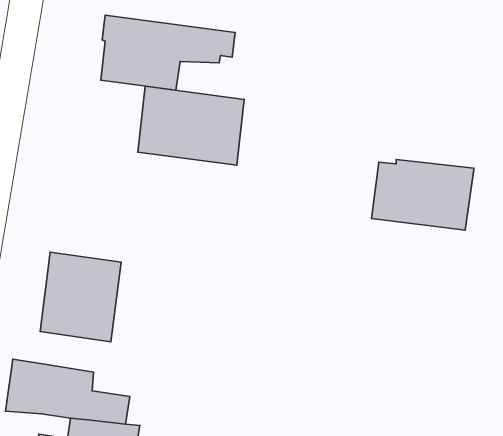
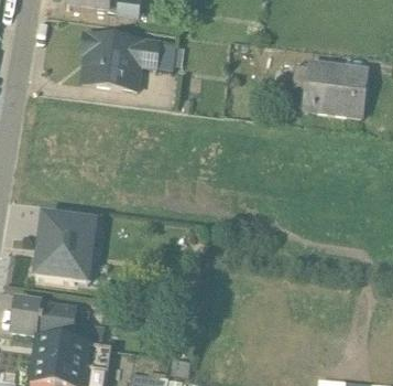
building: [138,86,244,165] -> none
building: [371,159,474,230] -> [287,65,365,119]

